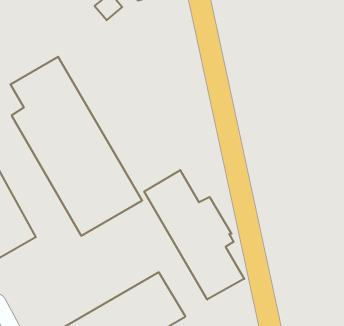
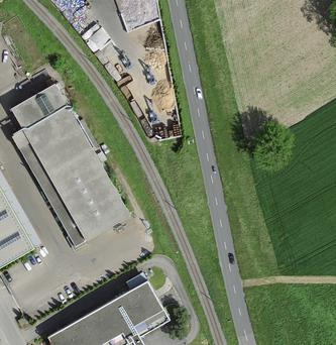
building: [144,170,244,300] -> none

